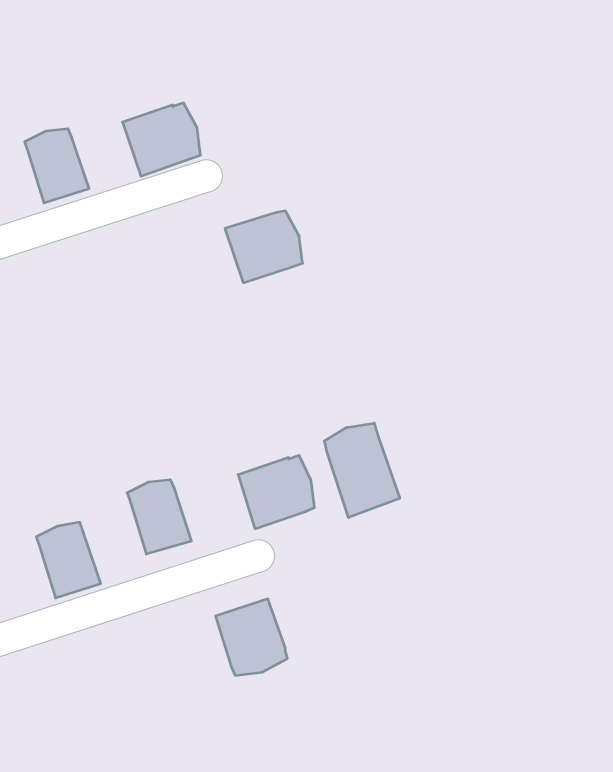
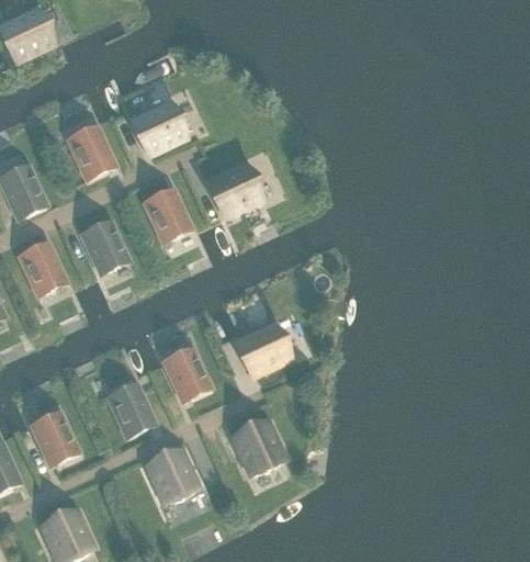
building: none -> [144,188,190,239]
building: none -> [81,220,127,271]
building: [324,423,400,518] -> none
building: none -> [146,449,198,502]

